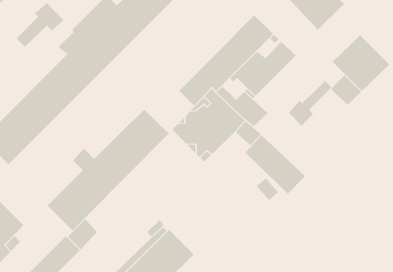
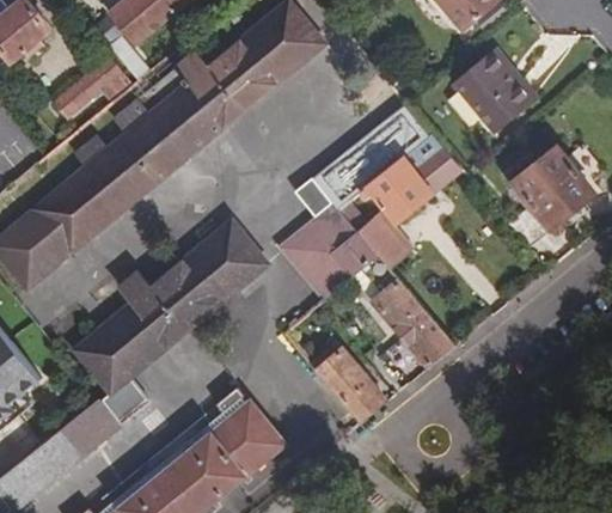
building: [288,80,332,127] -> none
building: none -> [313,341,387,423]

